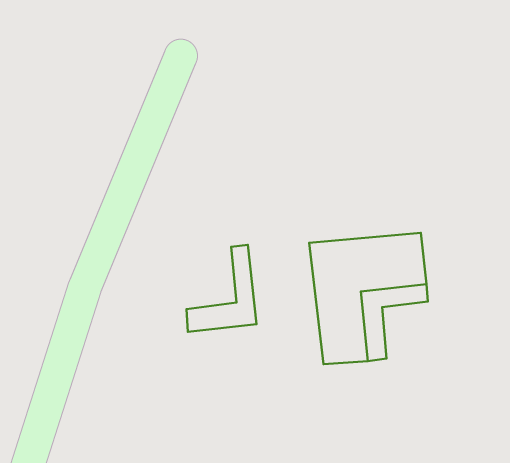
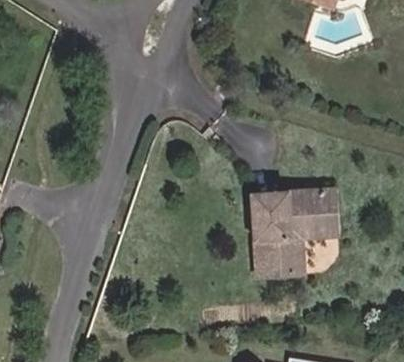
building: [186,245,256,332] -> none

